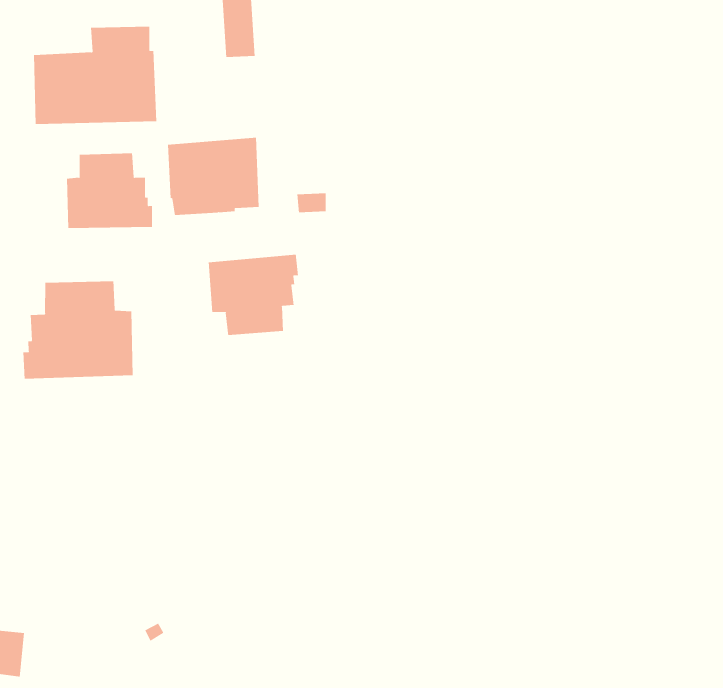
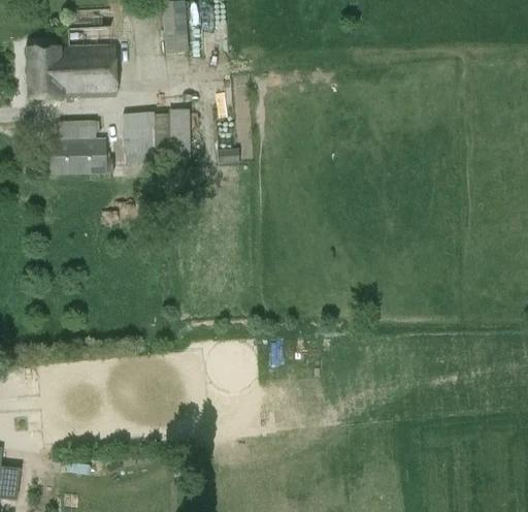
building: [208,254,298,336] -> none
building: [23,280,133,380] -> none

